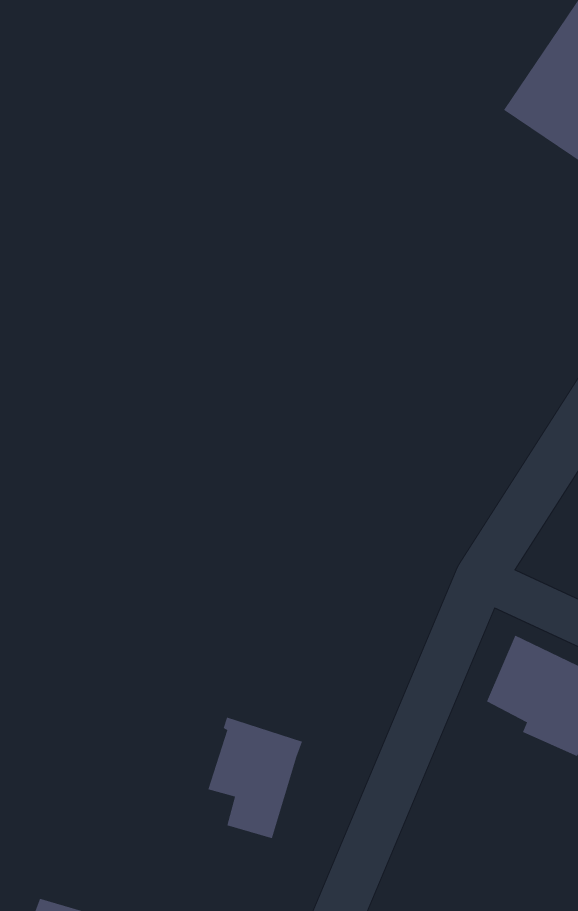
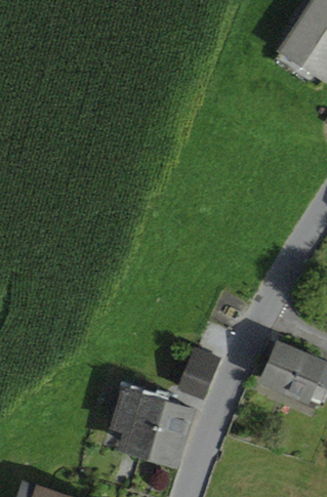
building: none -> [181,351,218,398]
building: none -> [149,401,189,460]

